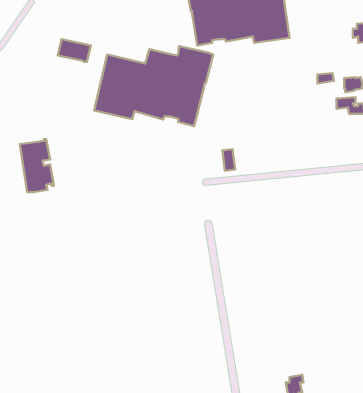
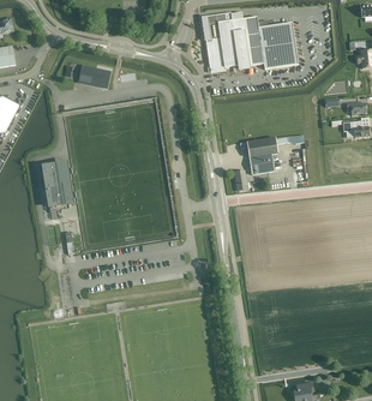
building: [94,46,213,126] -> none
building: none -> [239,136,287,173]

